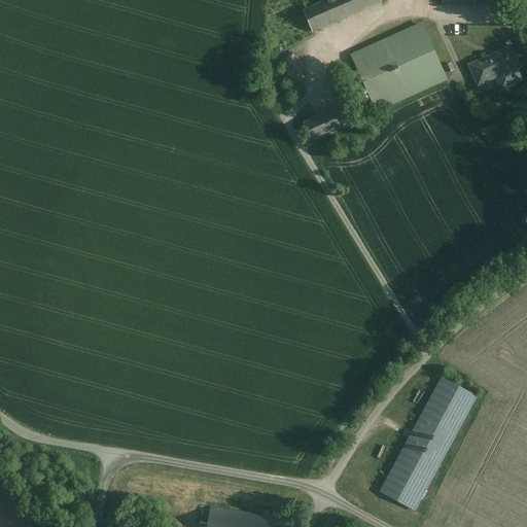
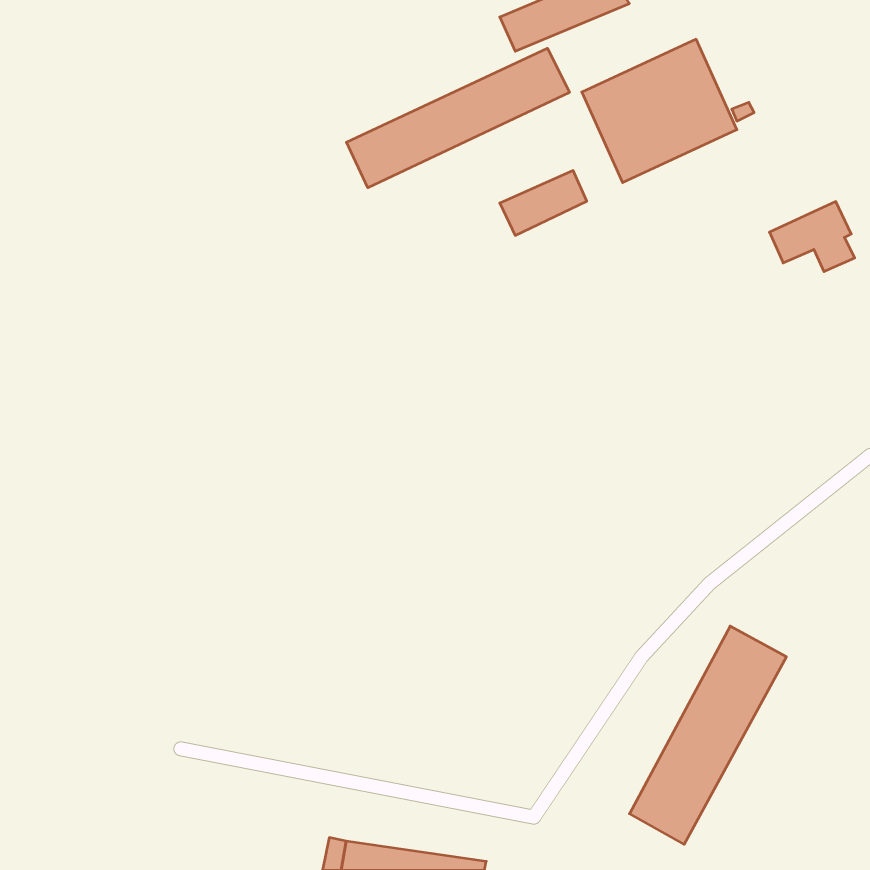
building: none -> [346,48,569,188]
building: [468,46,520,89] -> [769,202,855,272]

